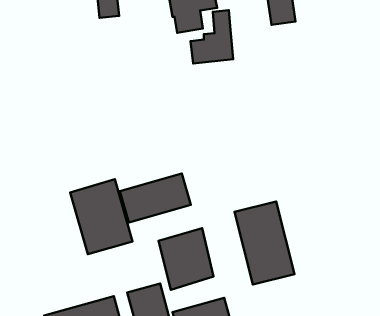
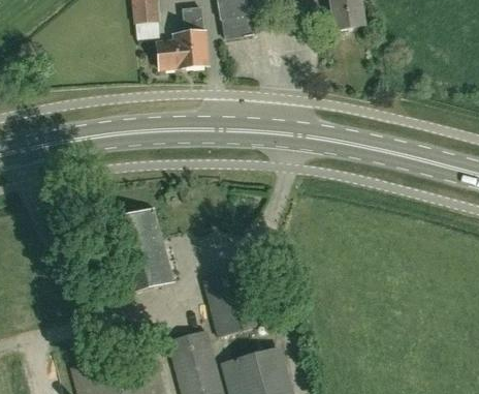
building: [190,10,233,64] -> [156,7,205,69]
building: [120,173,191,223] -> none
building: [234,201,295,285] -> none

